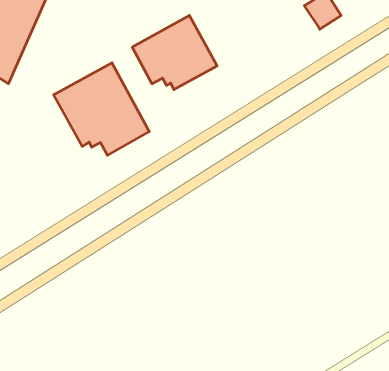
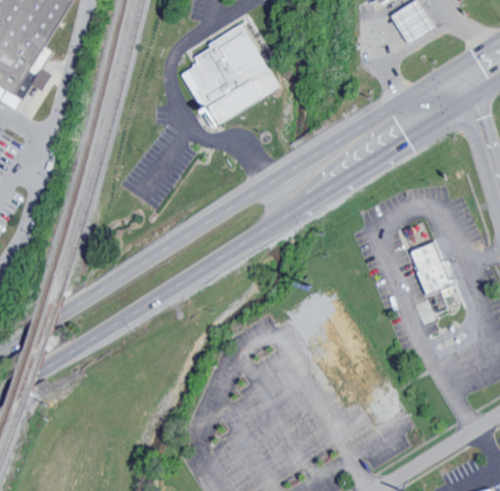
building: [54,63,149,155] -> none
building: none -> [405,239,446,291]

